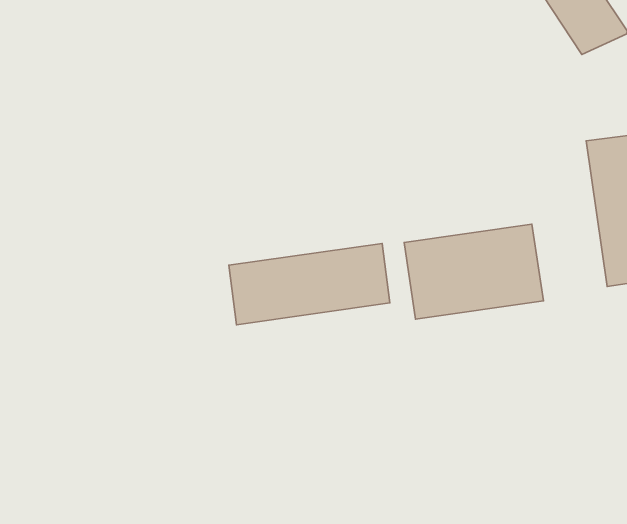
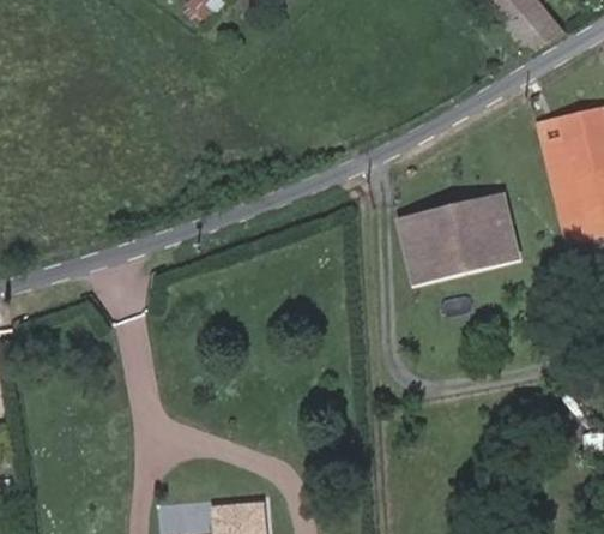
building: [229,243,390,325] -> none

